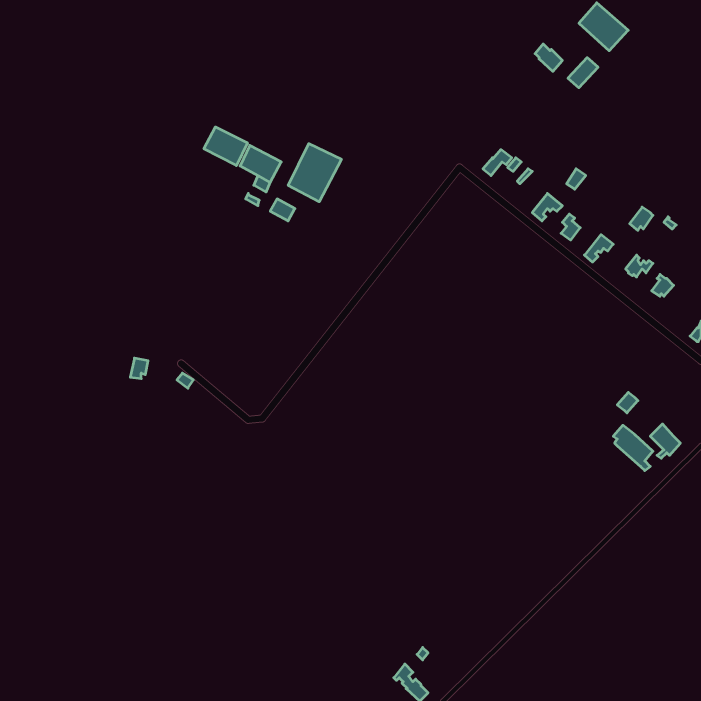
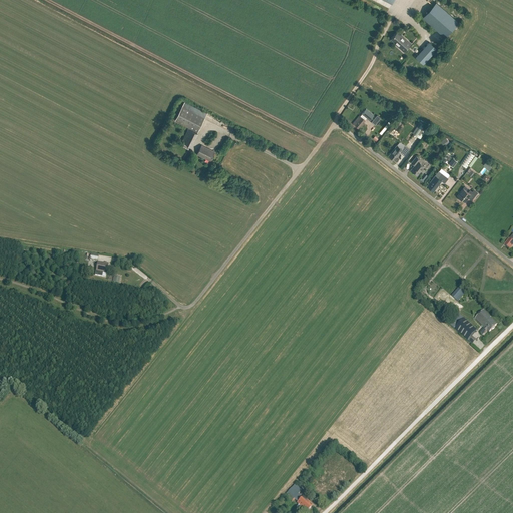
building: [204,127,247,166] -> none
building: [288,144,341,202] -> none

